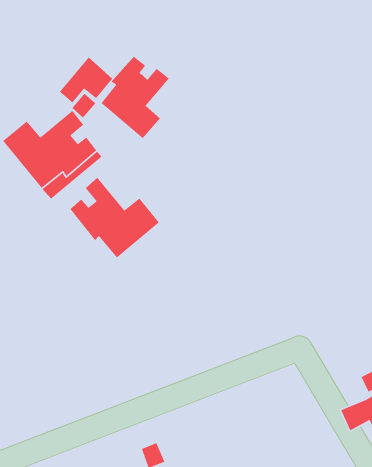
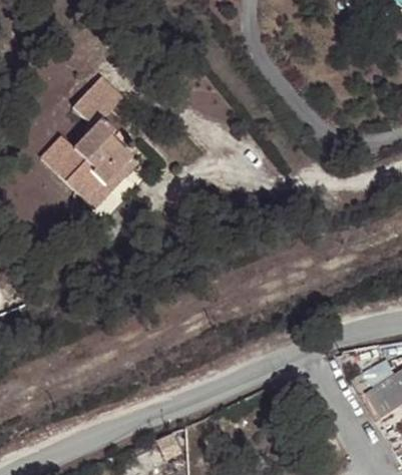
building: [100,56,170,139] -> none
building: [70,177,160,258] -> none

